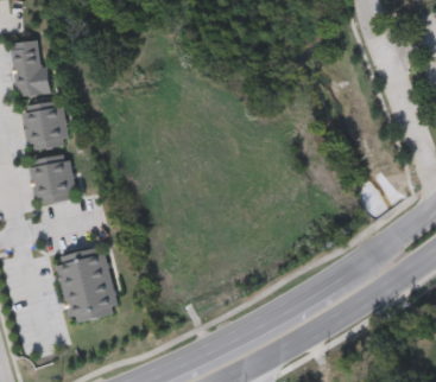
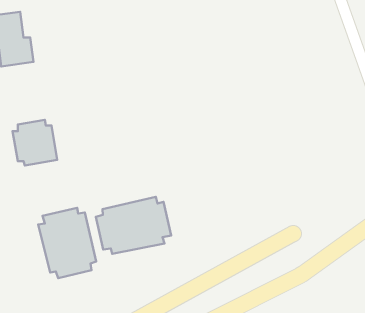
building: [21,100,69,151] -> none
building: none -> [96,197,171,254]

